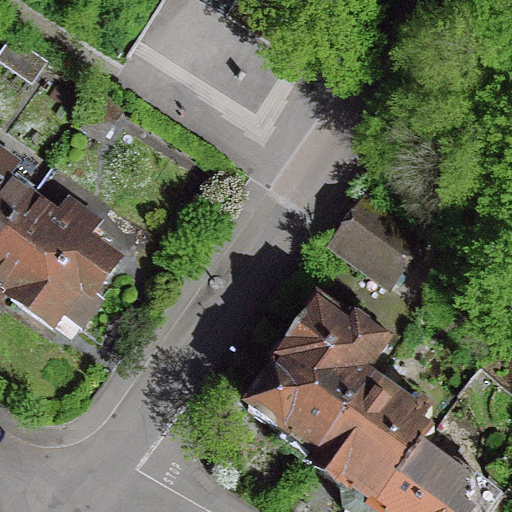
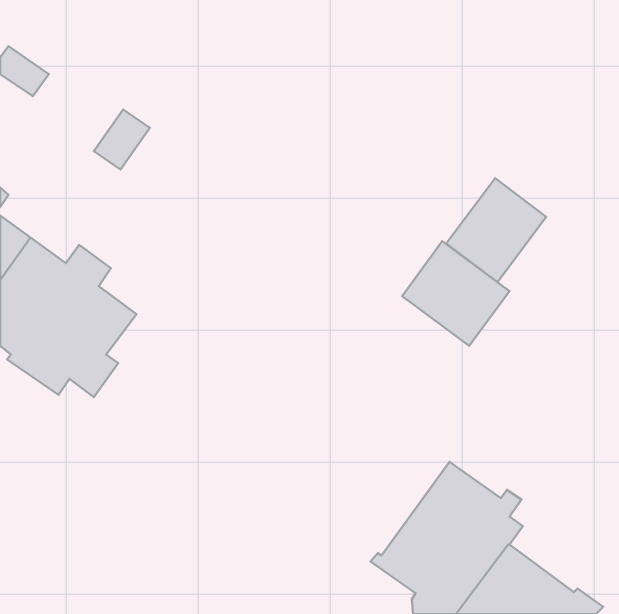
building: none -> [446,178,546,282]
building: [246,298,387,456] -> none

